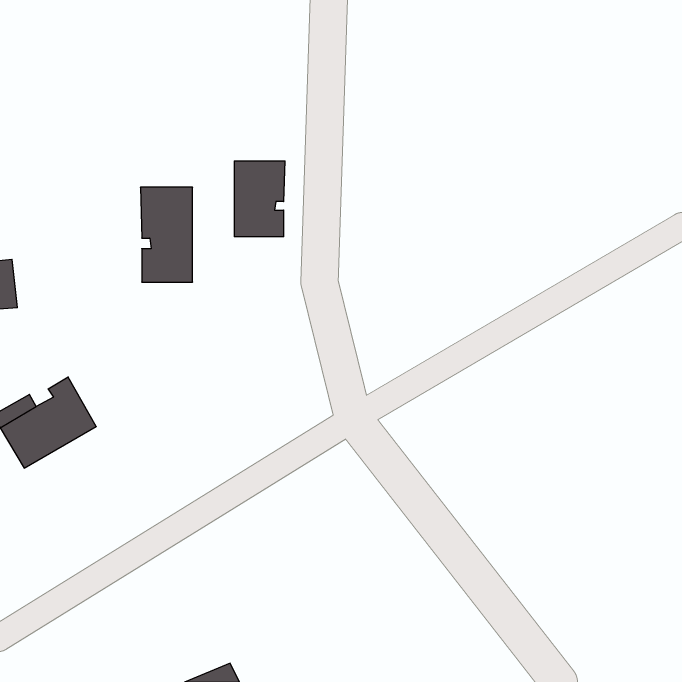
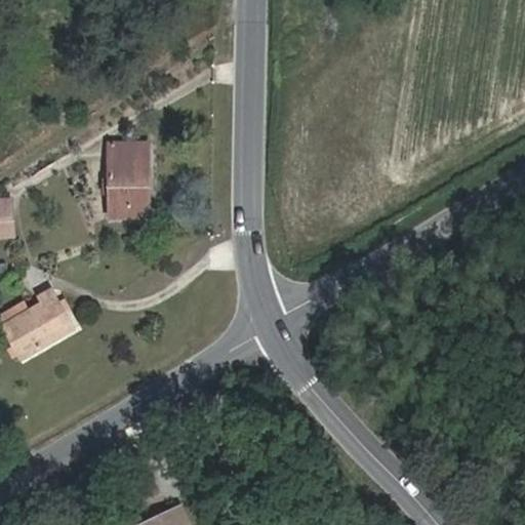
building: [234,161,285,237] -> none

